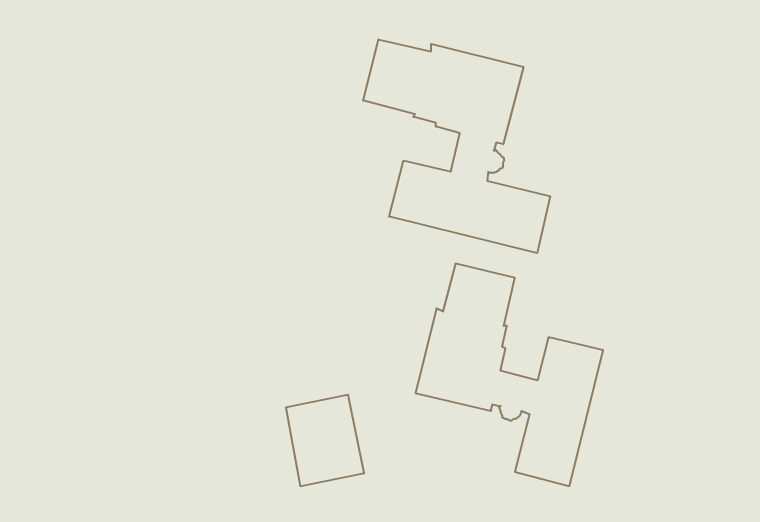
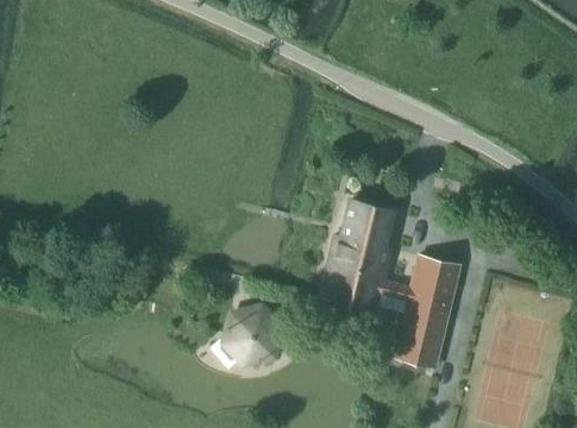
building: [363,39,550,253] -> none

